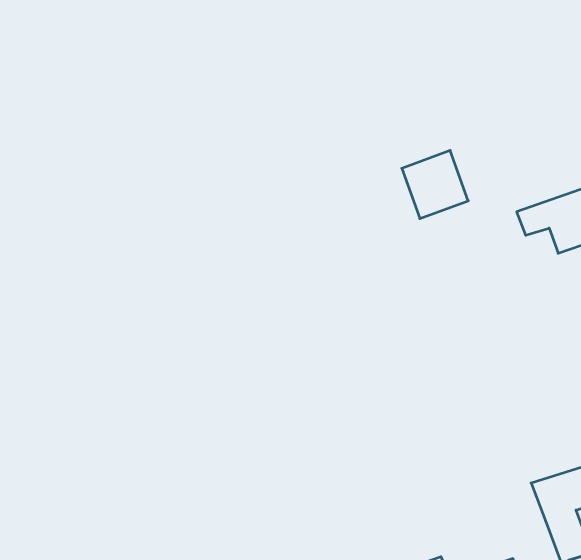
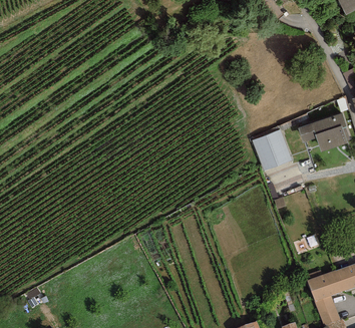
building: [402,150,468,219] -> [252,130,289,169]

